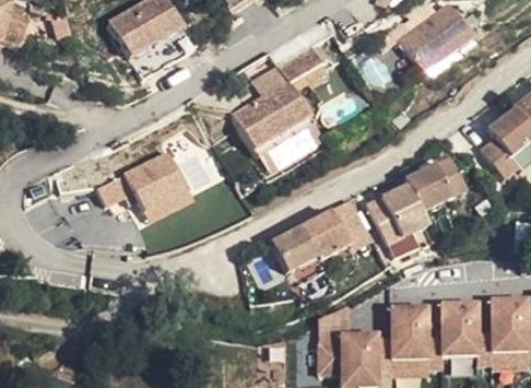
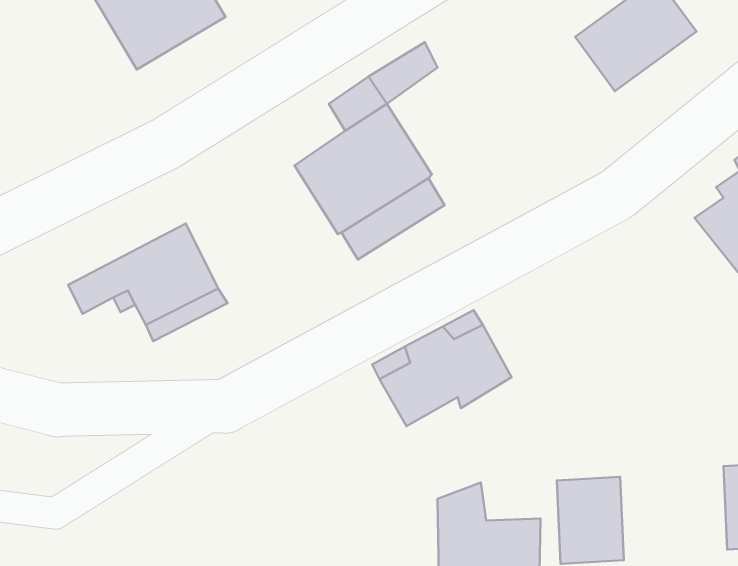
building: [362,153,463,244] -> none
building: [440,301,482,352] -> none

